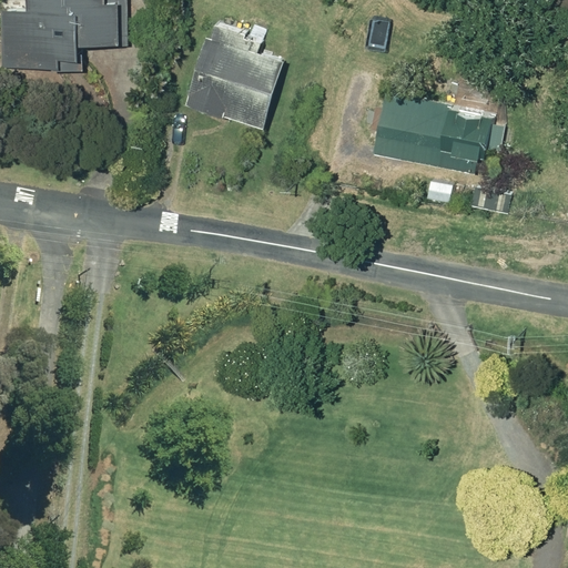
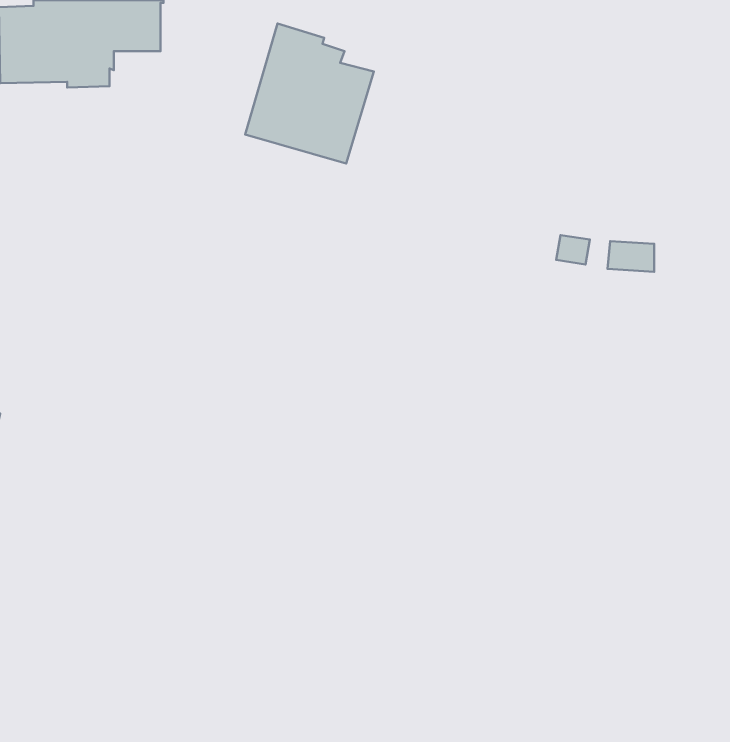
building: [369,92,493,175] -> none

